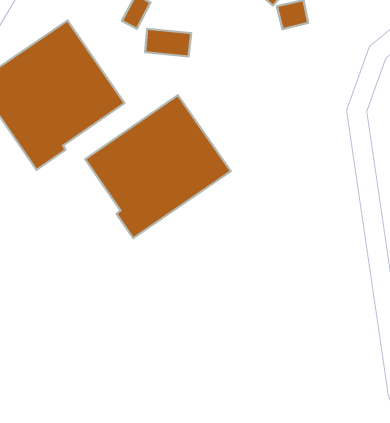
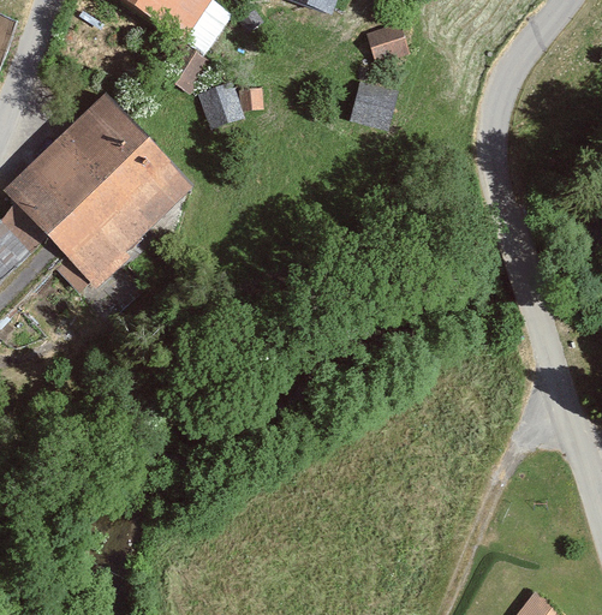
building: none -> [352,79,394,124]
building: [85,95,231,238] -> none

